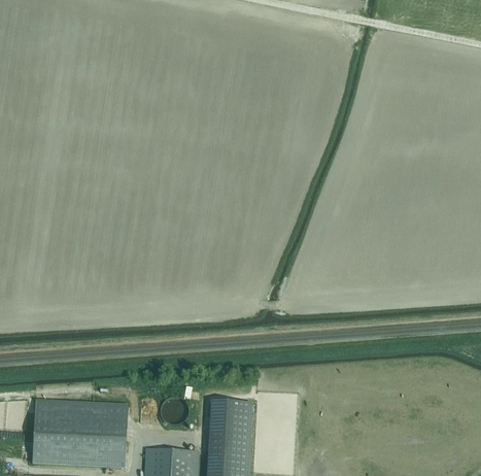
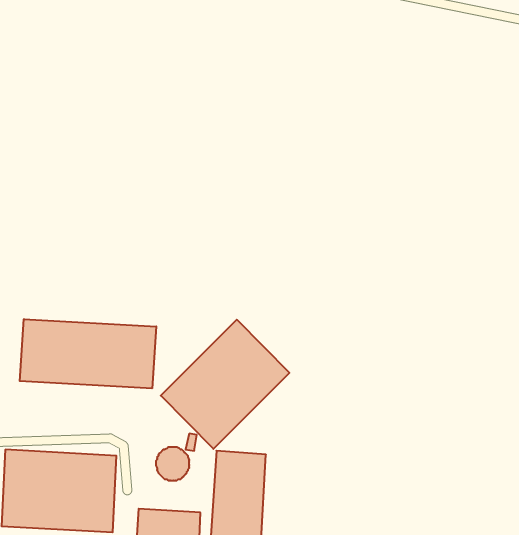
building: none -> [20,319,156,388]
building: none -> [161,320,289,449]

